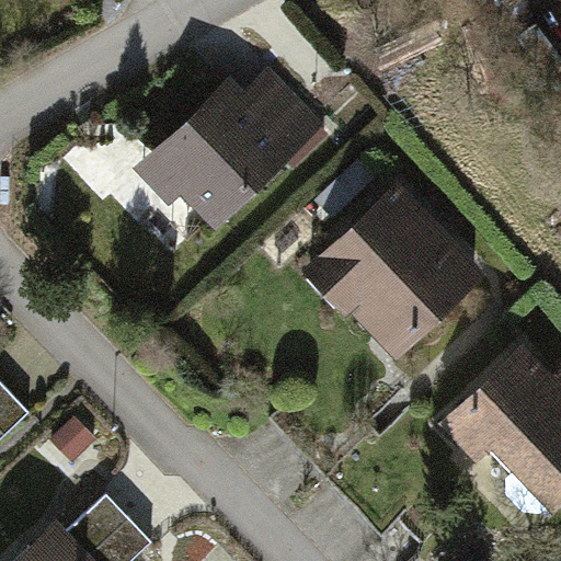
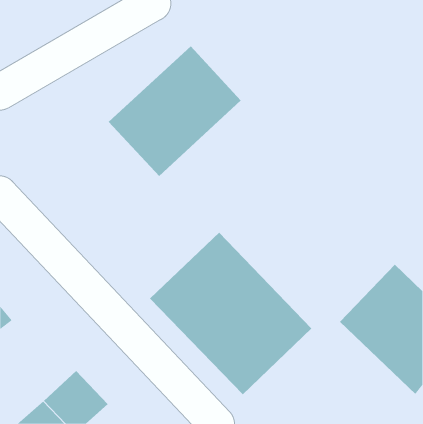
building: [311,185,491,364] -> none
building: none -> [149,232,312,395]

